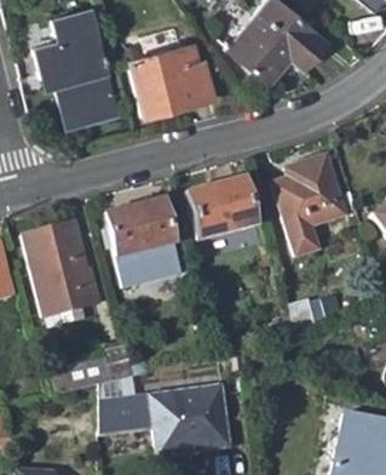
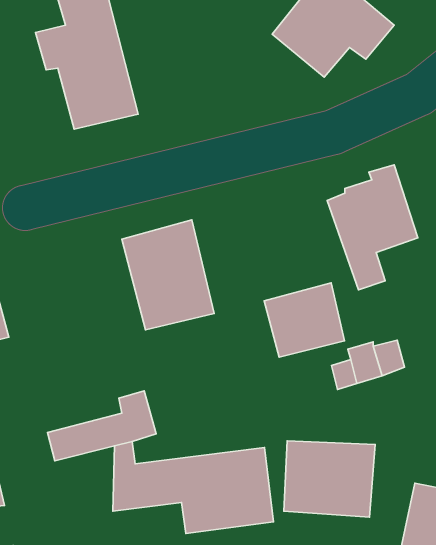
building: [132,42,215,114] -> none
building: [190,178,255,239] -> [264,283,344,357]
building: [24,222,102,316] -> none
building: none -> [284,441,375,517]

